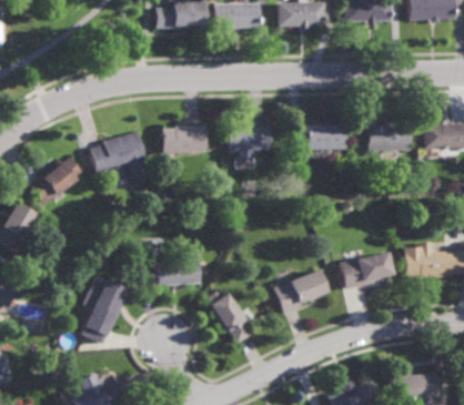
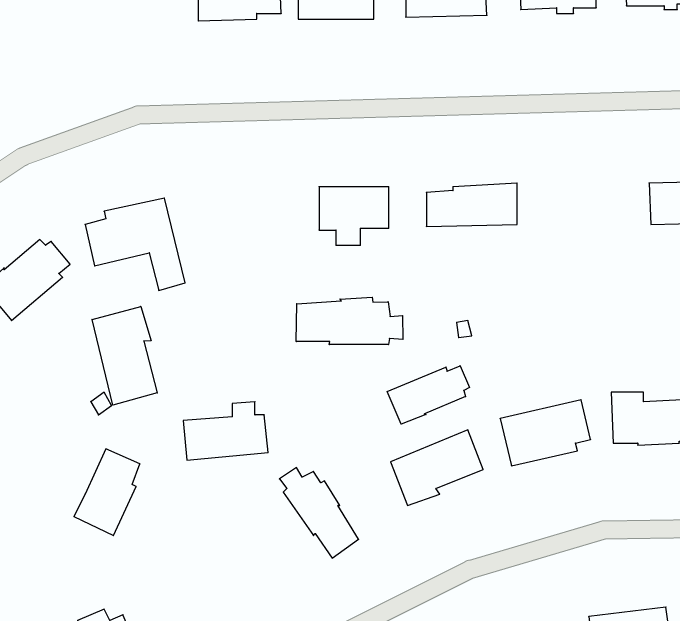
building: [369,123,411,150] -> none
building: [163,125,206,156] -> none
building: none -> [296,297,403,345]
building: none -> [92,306,157,405]
building: none -> [387,366,469,424]

